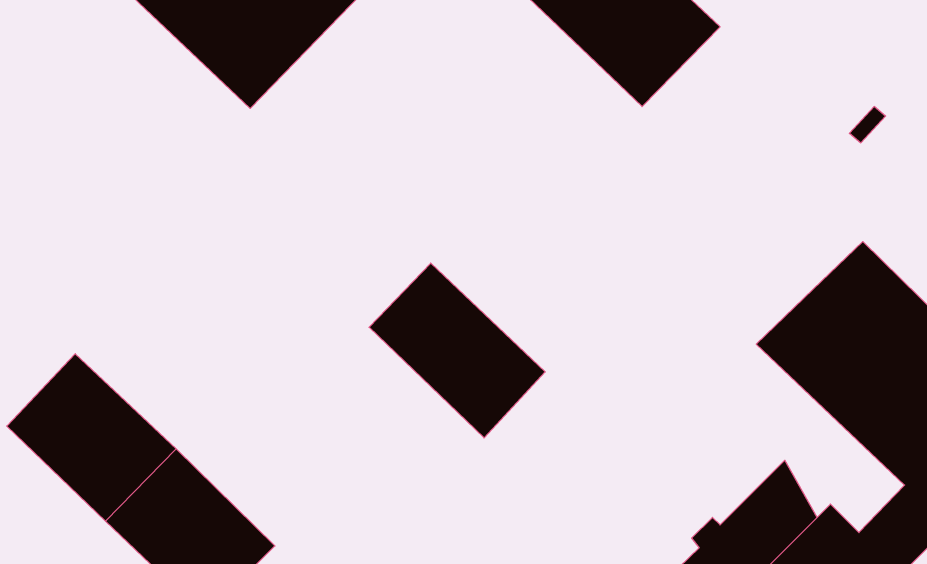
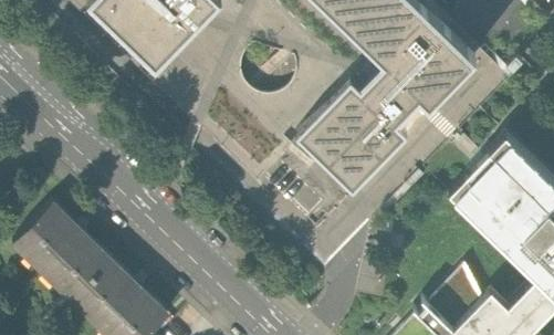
building: none -> [297,19,478,196]
building: [369,263,545,438] -> none

